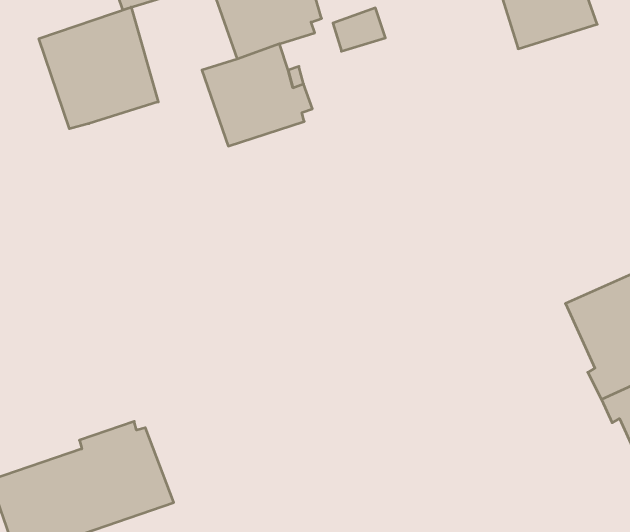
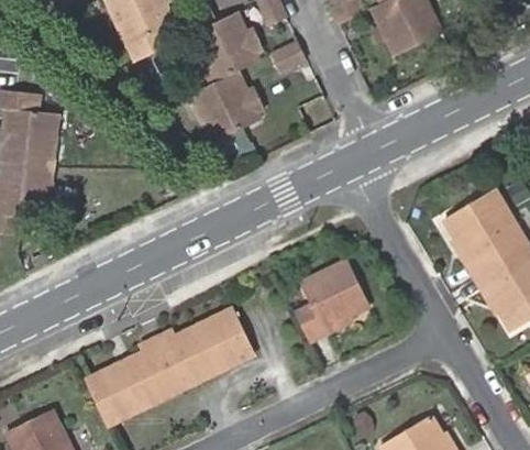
building: [39,7,158,129] -> none
building: none -> [296,262,368,342]
building: none -> [180,306,255,377]

